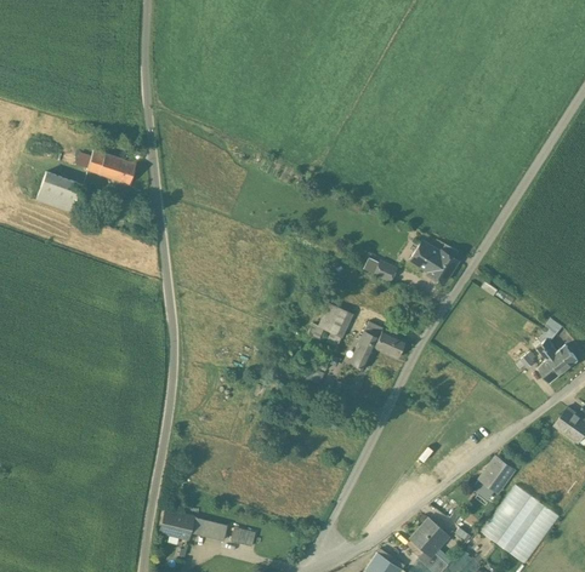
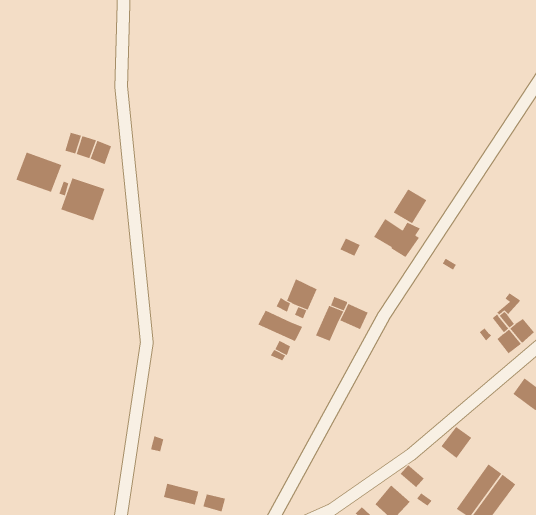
building: none -> [61,177,105,221]
building: none -> [393,188,427,224]
building: none -> [258,310,303,342]
building: [481,485,529,543] -> none
building: [159,510,193,538] -> none

